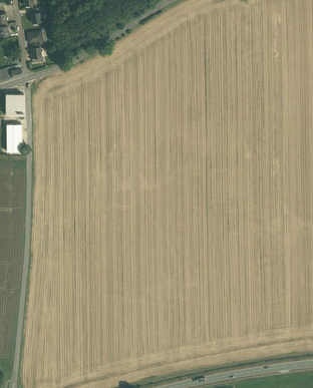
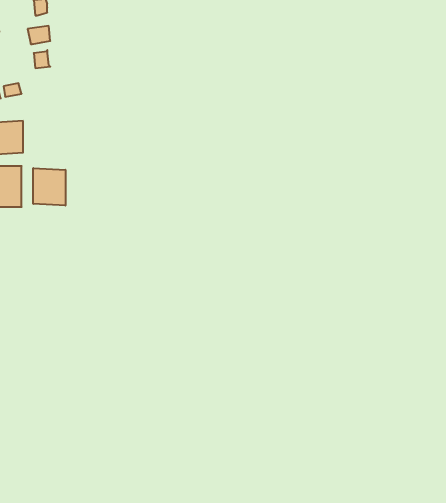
building: none -> [33,168,65,206]

